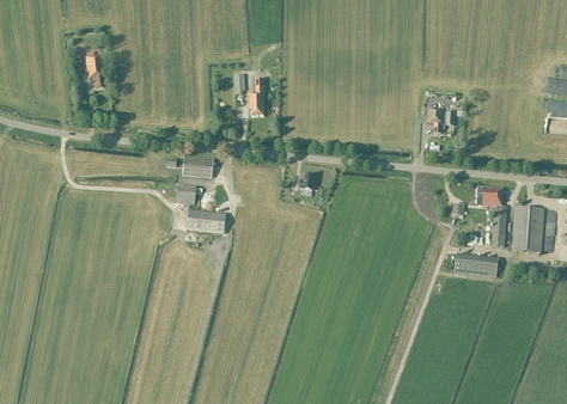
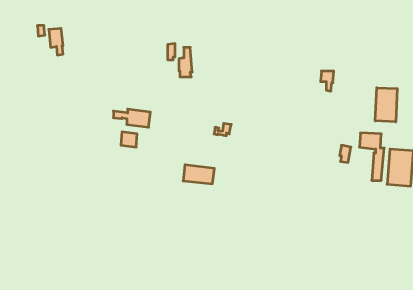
building: none -> [375,88,397,122]
building: [187,208,226,232] -> [183,165,214,184]
building: [455,253,498,276] -> none

